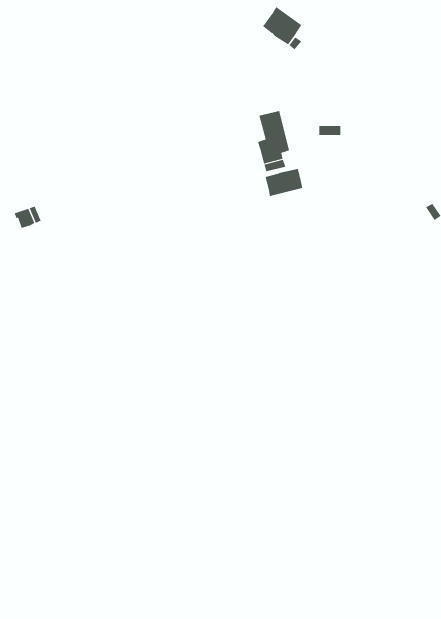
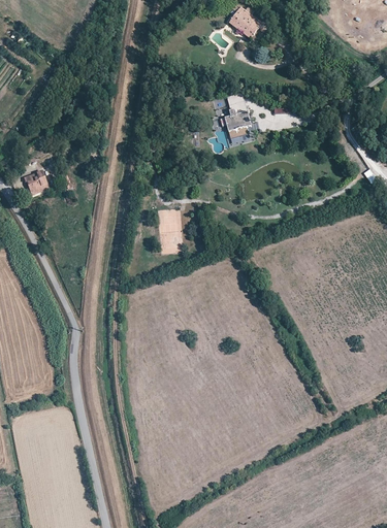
building: [265,168,303,197] -> none

